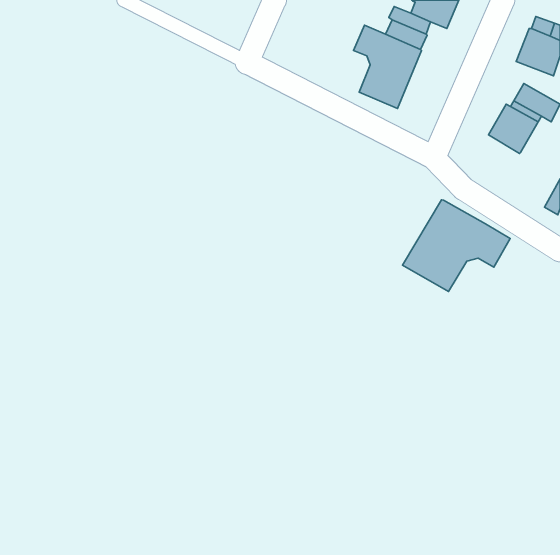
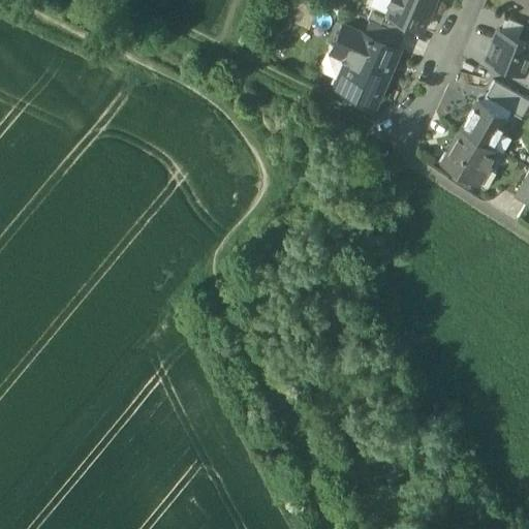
building: none -> [440,132,496,187]
building: [403,200,510,292] -> none

